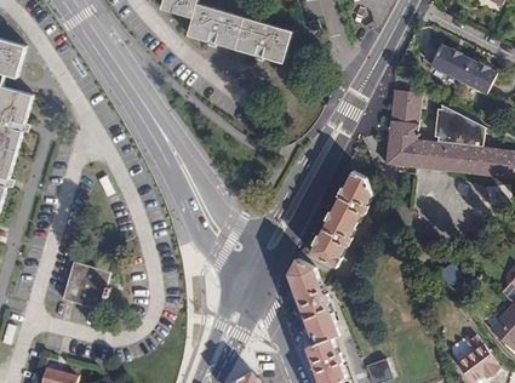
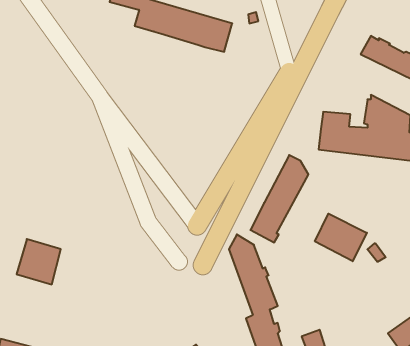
building: [389,90,422,127] -> none
building: none -> [315,214,367,261]

